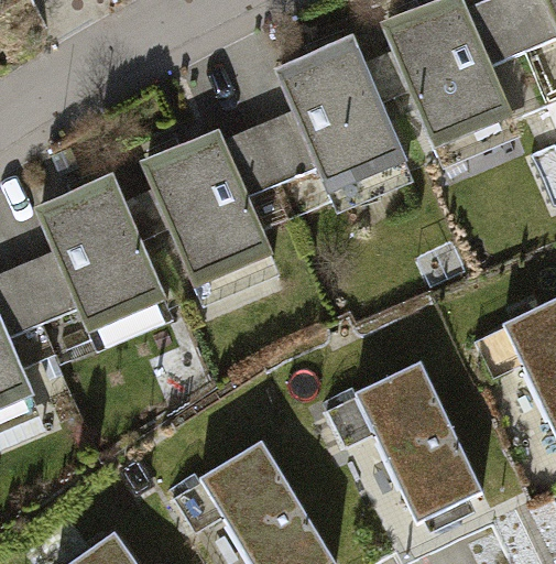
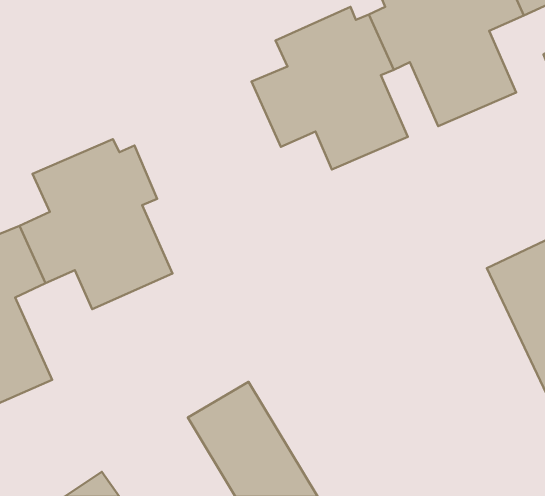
building: [138,123,286,311] -> none
building: [347,351,472,510] -> none

